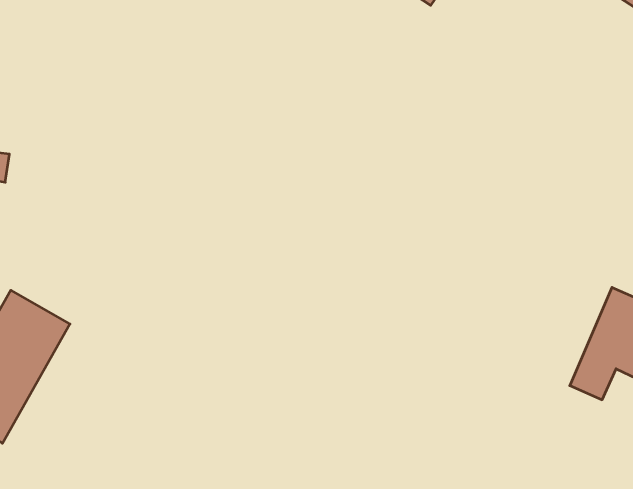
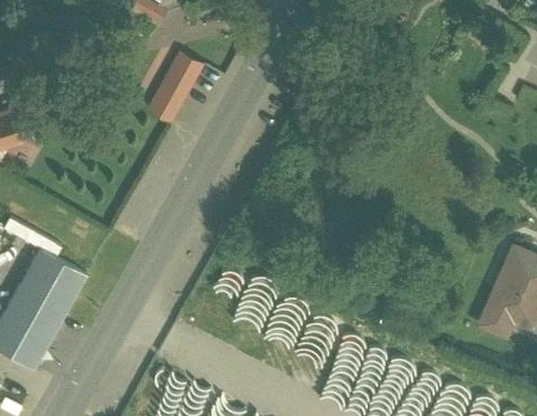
building: none -> [149,52,203,122]

